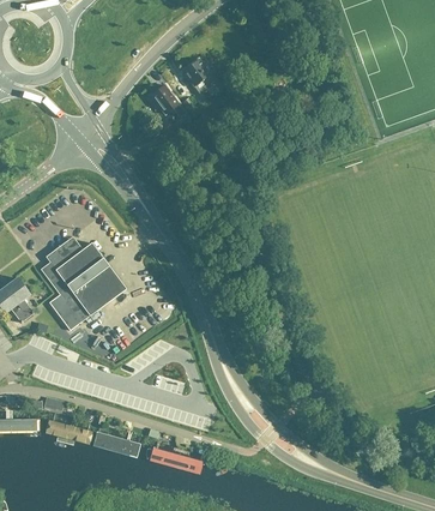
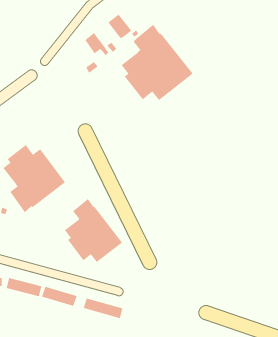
building: none -> [121,24,193,101]
building: none -> [64,198,123,263]

